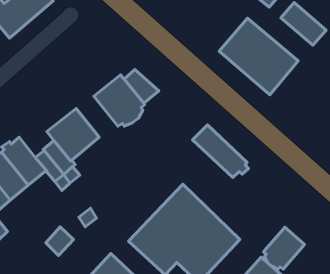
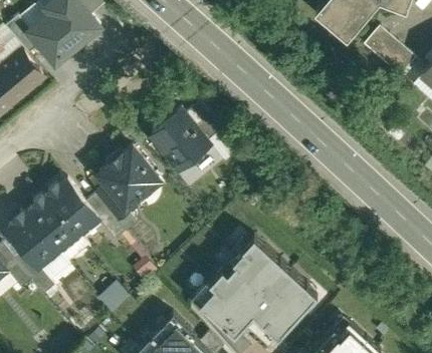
building: [219,18,298,95] -> none
building: [192,125,249,178] -> none
building: [264,227,305,269] -> none

